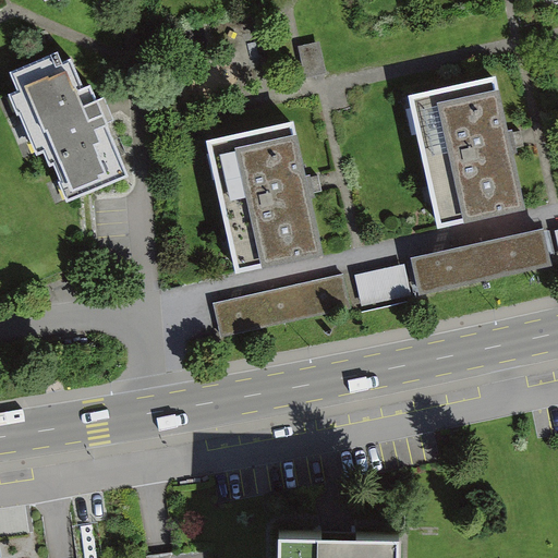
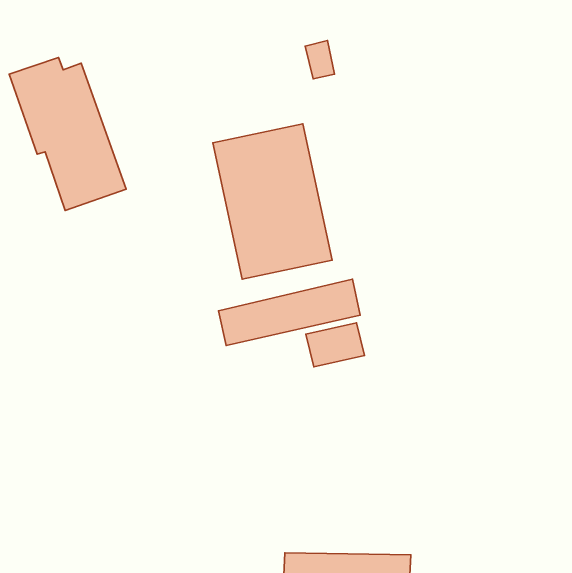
building: [409,77,523,228] -> none
building: [409,223,549,290] -> none
building: [352,264,409,306] -> [306,323,364,367]

